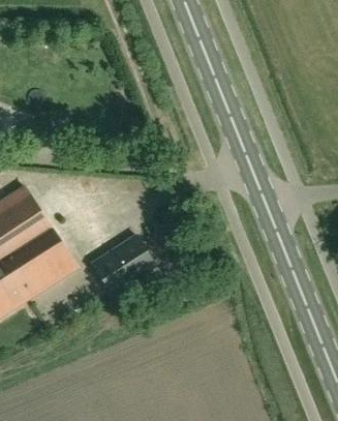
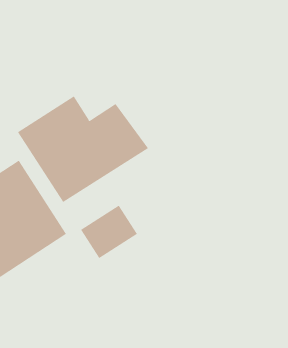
building: none -> [17,95,149,203]

